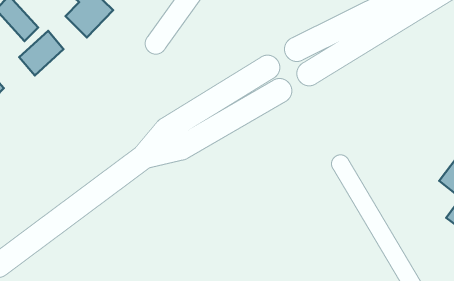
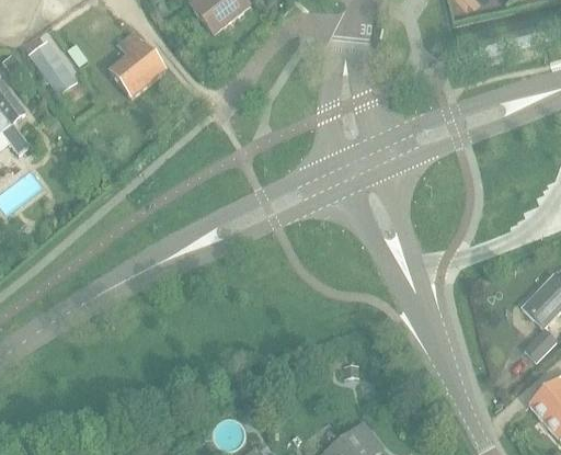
building: [19,31,64,75] -> none

